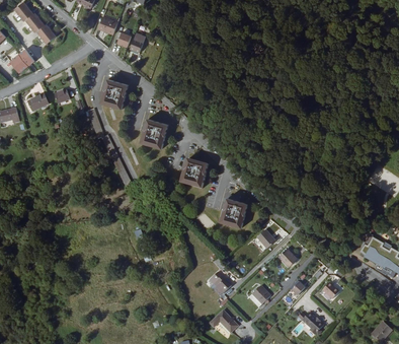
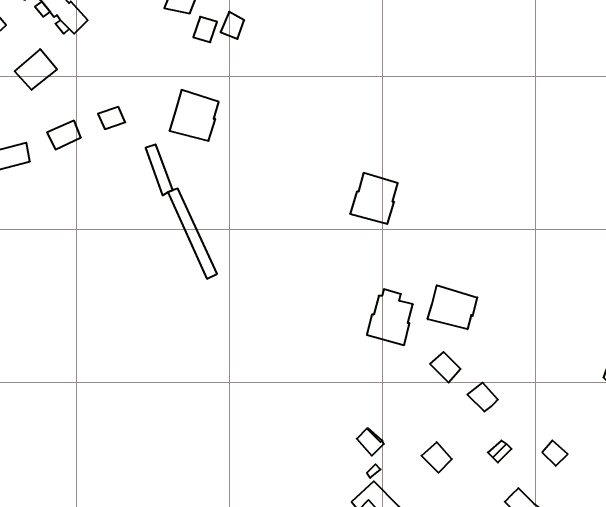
building: [143,116,169,146] -> none
building: [181,157,210,188] -> [350,173,398,224]
building: none -> [428,285,477,329]

